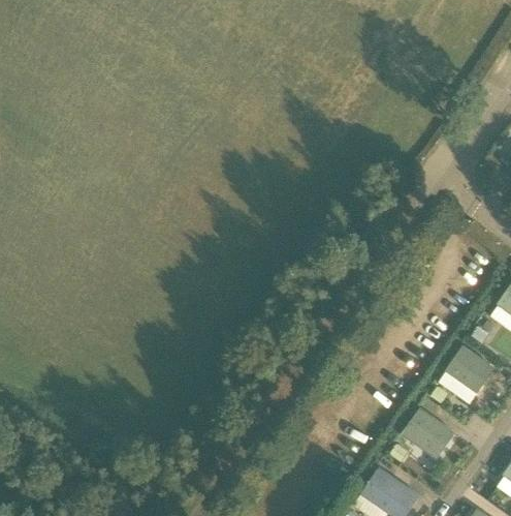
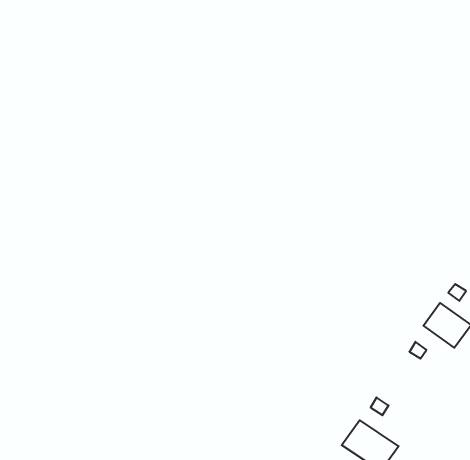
building: [401,407,455,459] -> none

